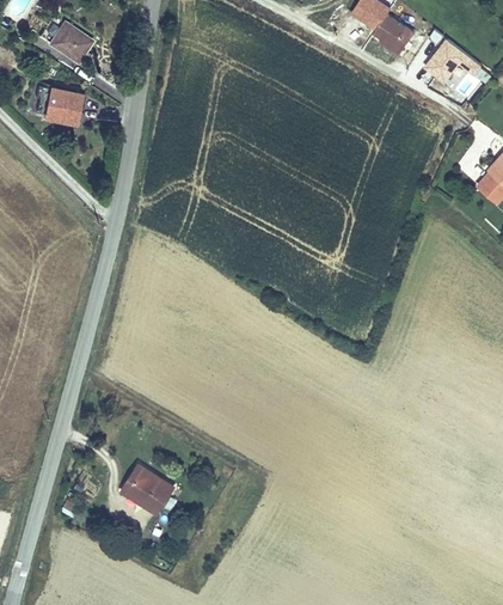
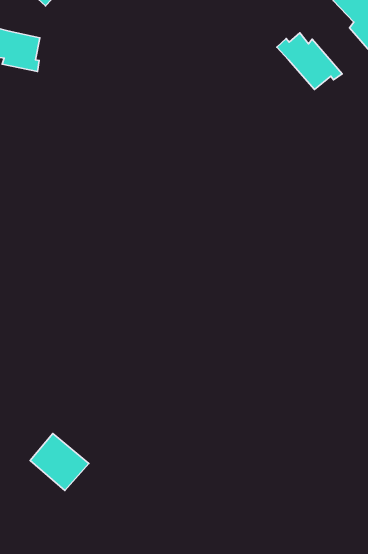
building: none -> [277,33,342,90]

